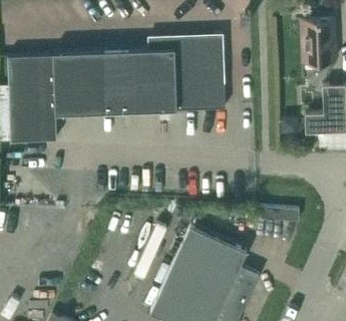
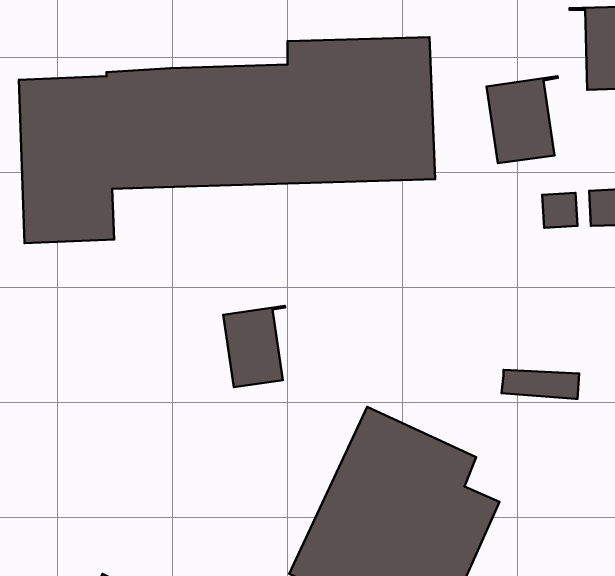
building: none -> [486,76,558,163]
building: none -> [223,306,285,387]

